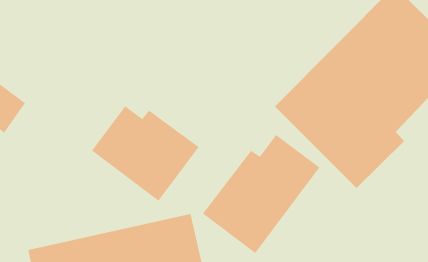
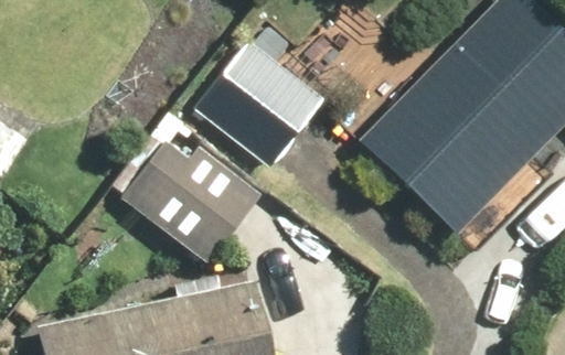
building: none -> [182,30,323,165]
building: [202,134,320,254] -> none

